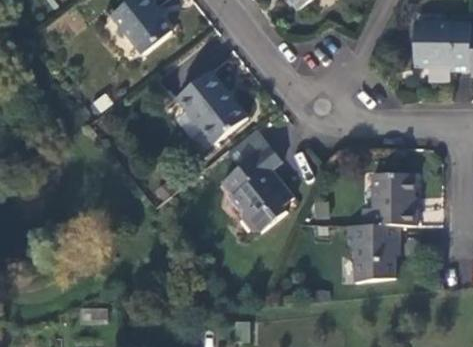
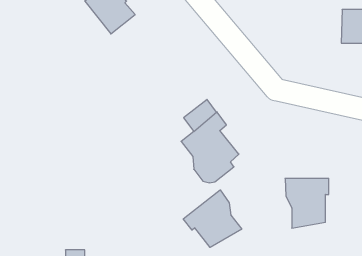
building: [175,72,243,142] -> none
building: [363,173,416,224] -> none
building: none -> [183,190,242,247]

